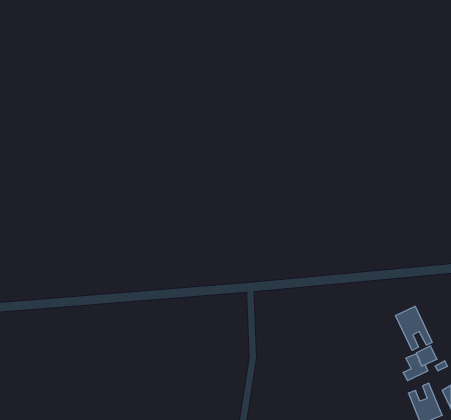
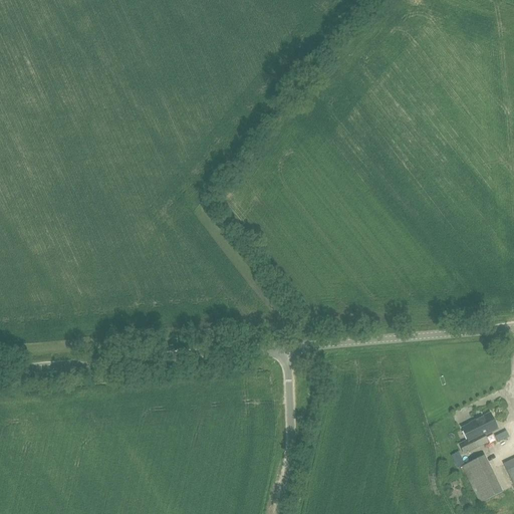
building: [395,306,432,350] -> none

